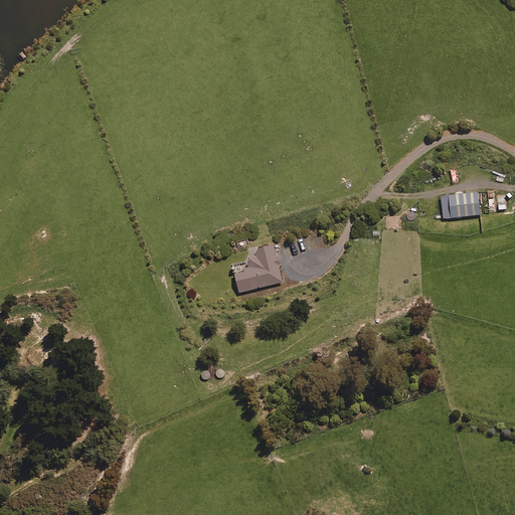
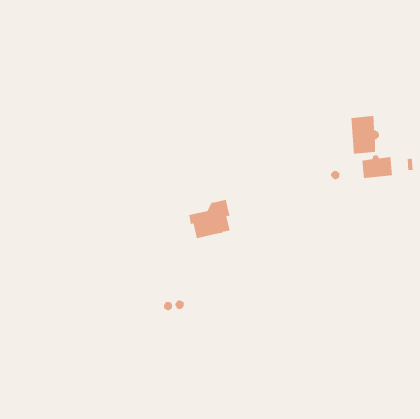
building: none -> [351,115,380,155]

